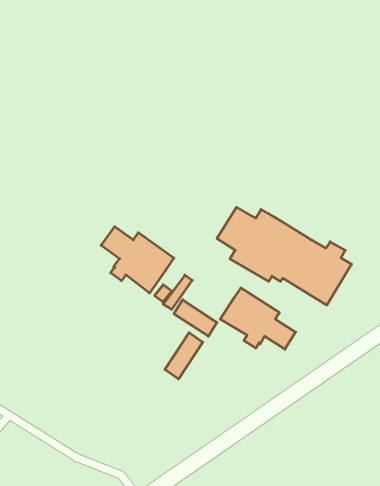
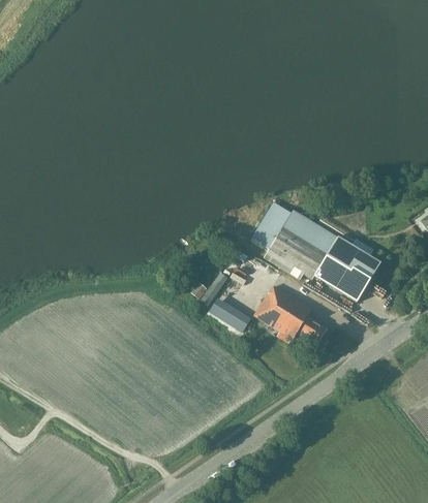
building: [101,227,174,293] -> none
building: [165,333,203,379] -> none

